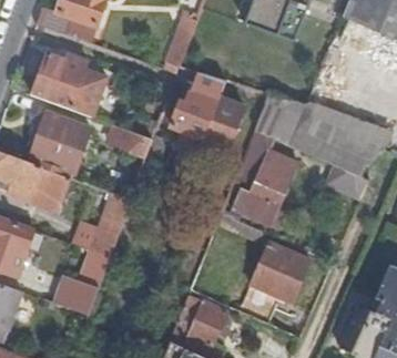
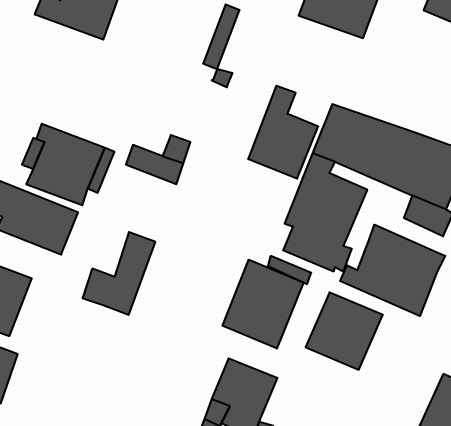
building: [32,53,105,117] -> none
building: [170,71,226,140] -> none
building: none -> [340,225,445,316]
building: none -> [223,260,303,349]
building: [61,253,110,318] -> none

